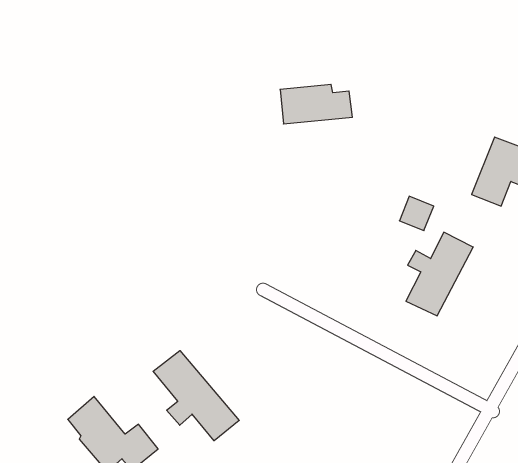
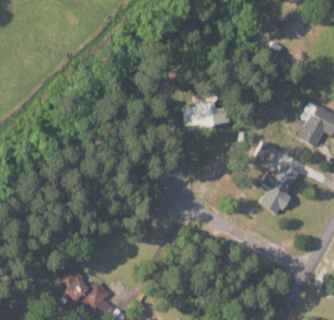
building: [280,84,352,124] -> [183,103,227,127]
building: [153,351,239,441] -> none

